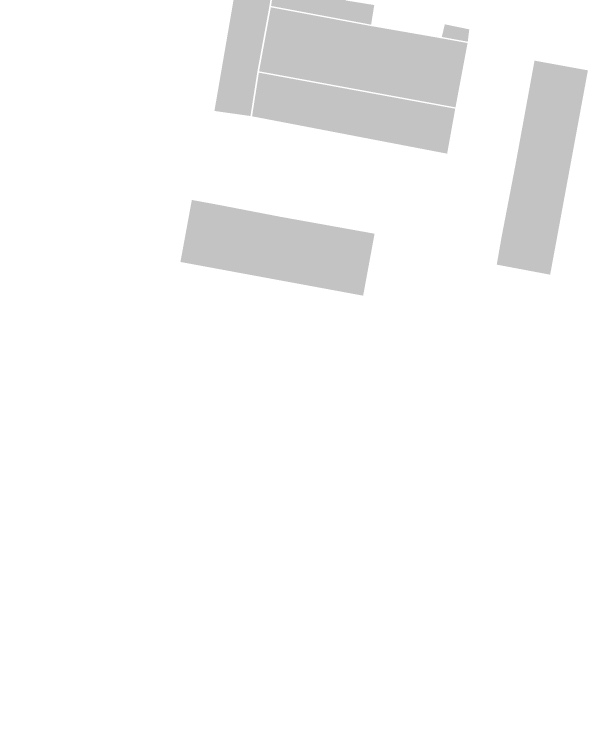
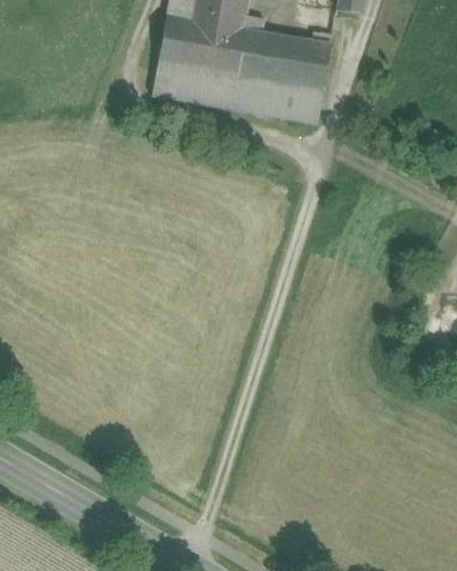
building: [496,60,589,275] -> none
building: [180,199,376,297] -> none

